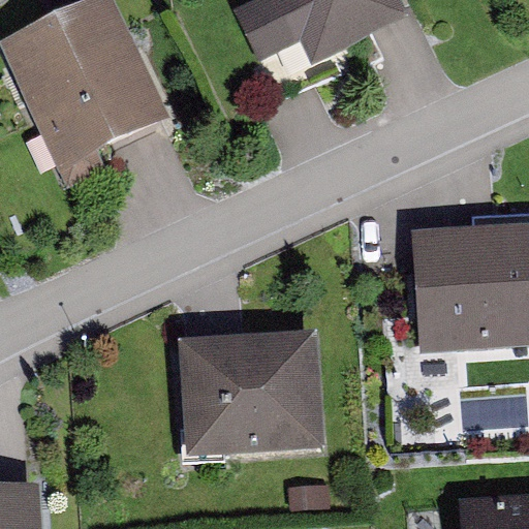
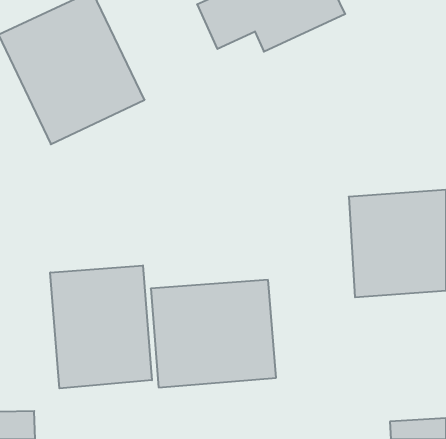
building: none -> [50,265,152,388]

